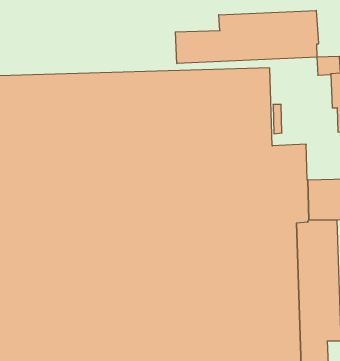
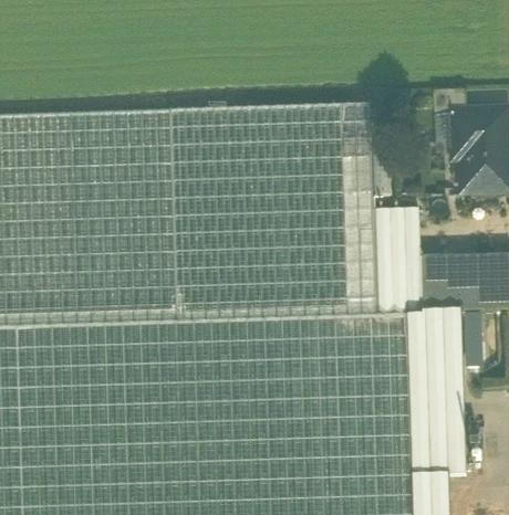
building: [175,10,319,64] -> none

